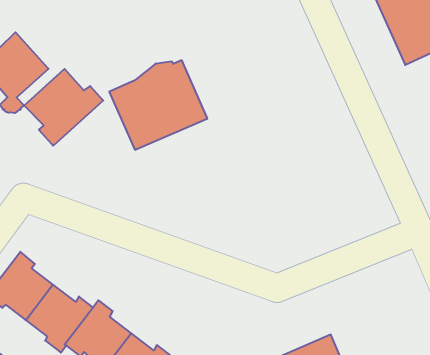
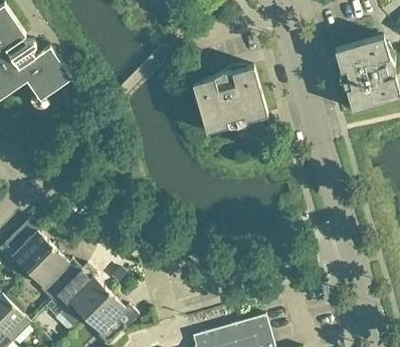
building: [109,60,207,150] -> [192,66,266,131]
building: [24,69,103,146] -> none

